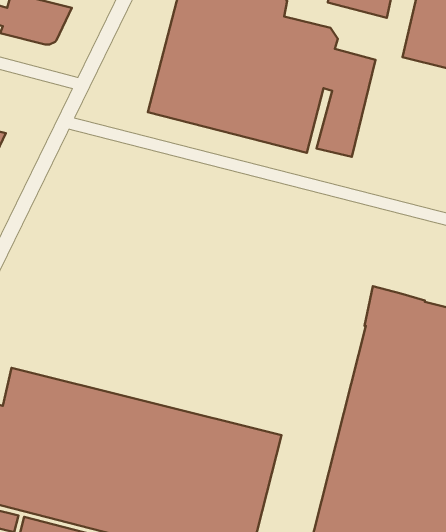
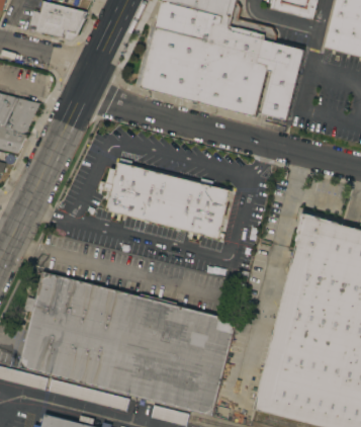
building: none -> [105,157,231,240]

